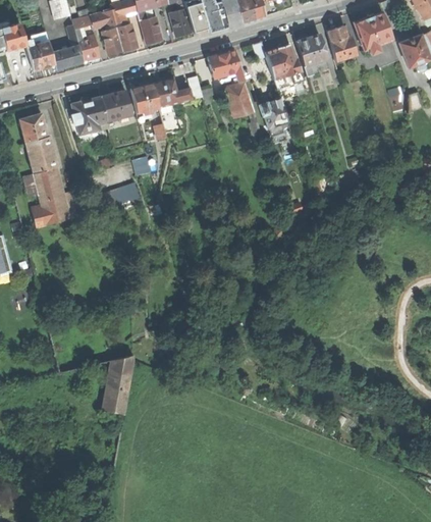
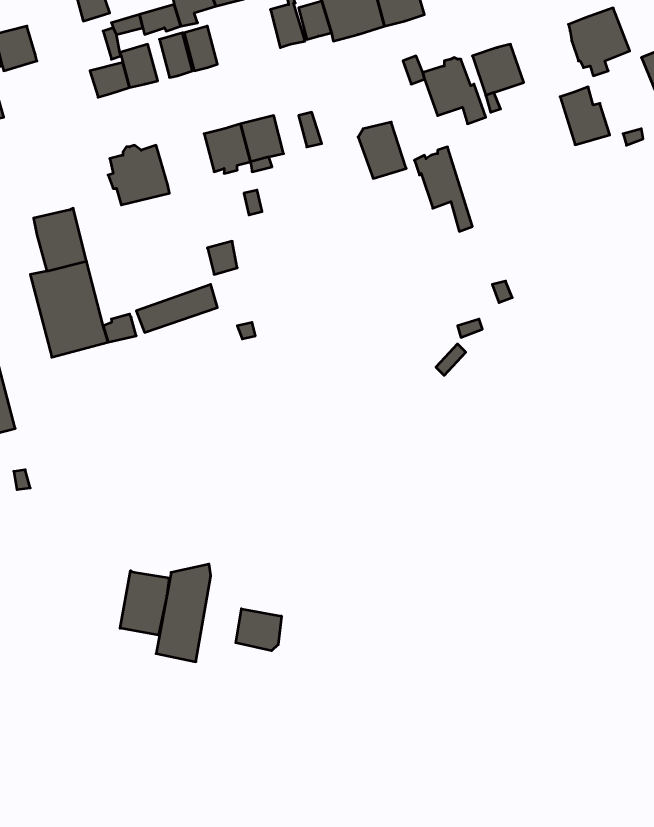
building: [141,17,162,45] -> none
building: [325,25,356,61] -> [560,87,610,145]
building: [25,39,55,70] -> none
building: [207,51,244,82] -> none
building: [100,92,130,121] -> none
building: [18,114,47,142] -> none
building: none -> [120,571,169,635]
building: none -> [236,609,281,651]

